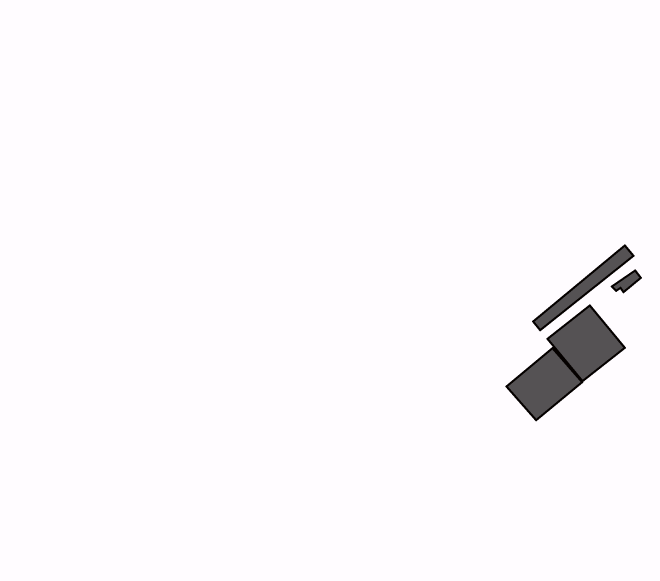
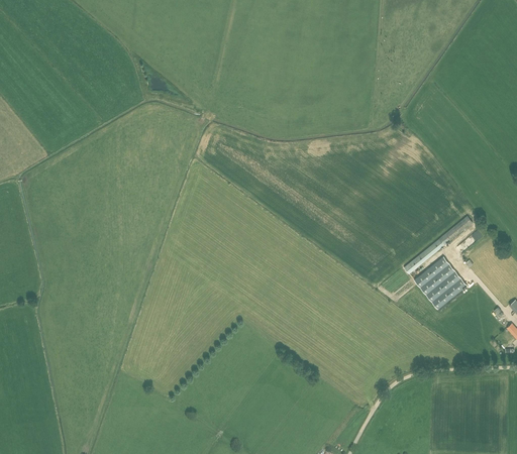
building: [506,348,582,420] -> none

